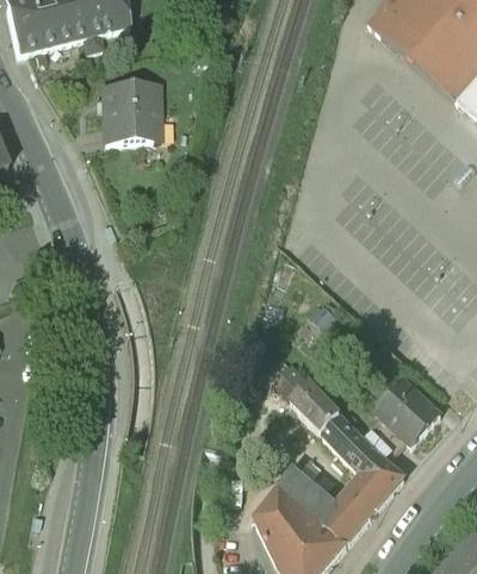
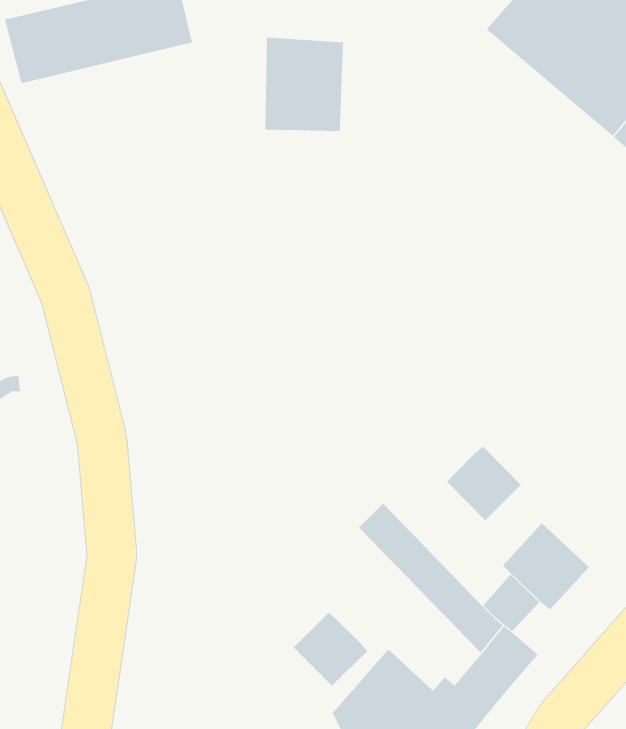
building: [103,83,160,151] -> [264,37,344,132]
building: none -> [446,446,521,521]
building: none -> [293,612,368,687]

